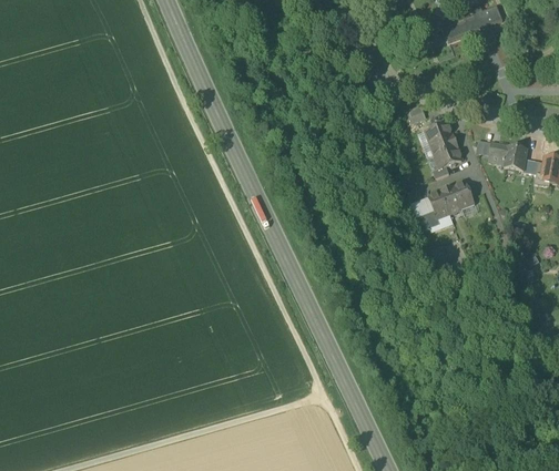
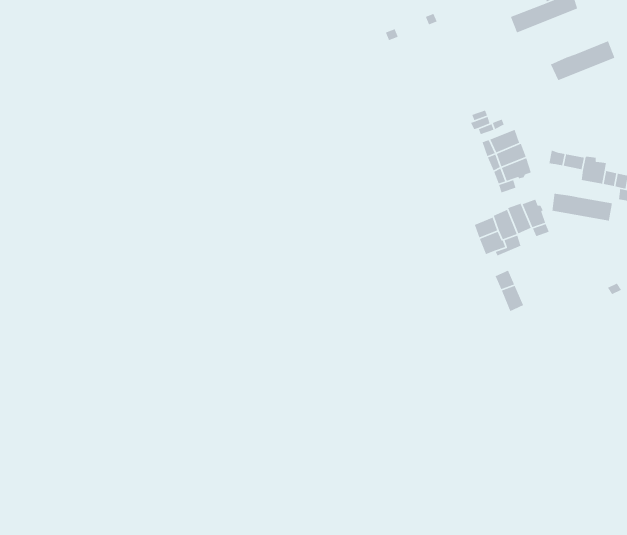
building: none -> [550,40,616,81]
building: none -> [552,193,613,221]

